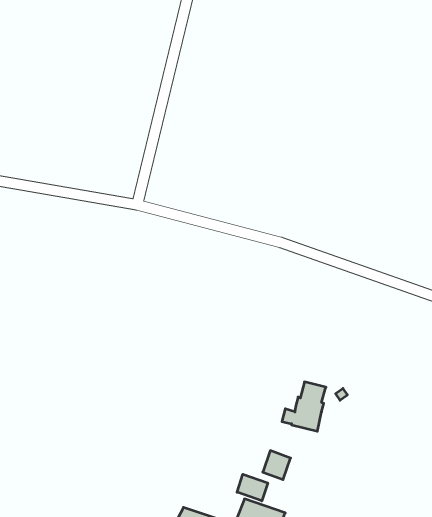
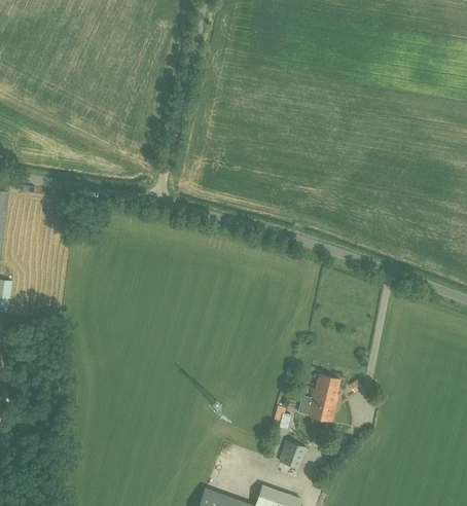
building: [237,474,268,501] -> none

